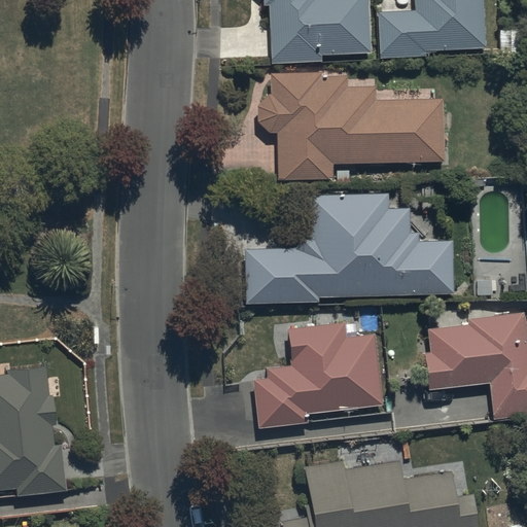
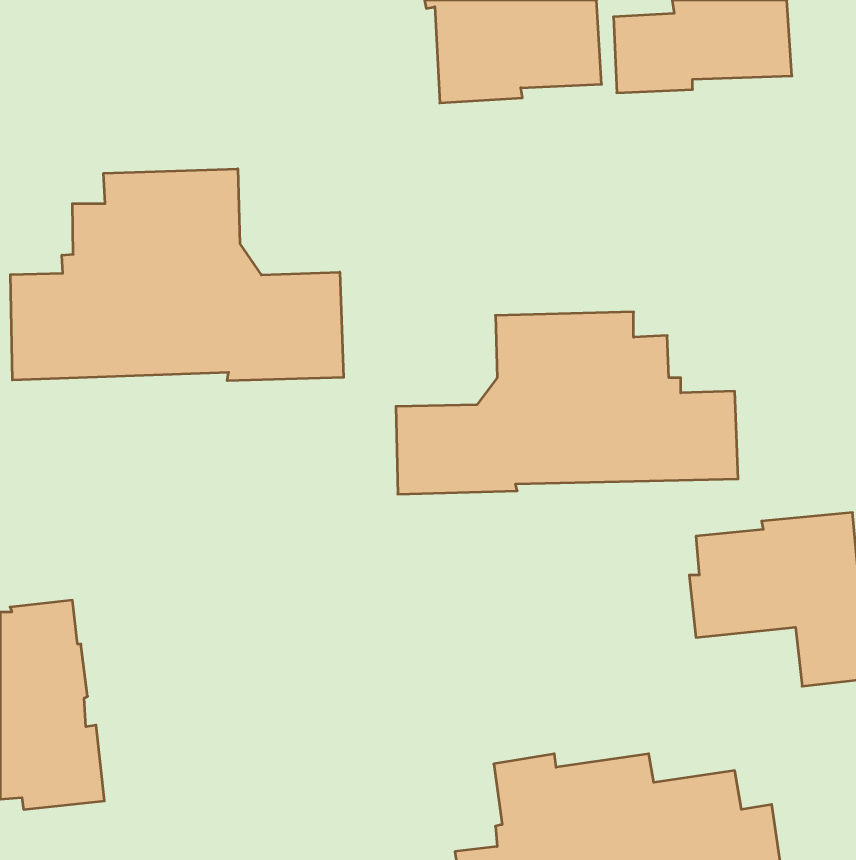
building: [257,71,445,180] -> none
building: none -> [10,169,344,381]
building: [253,321,383,427] -> none

